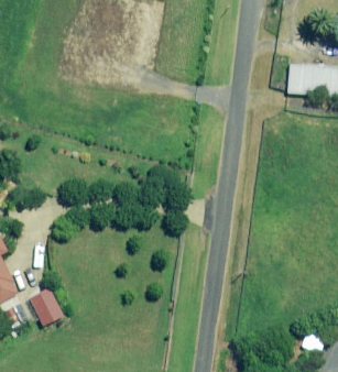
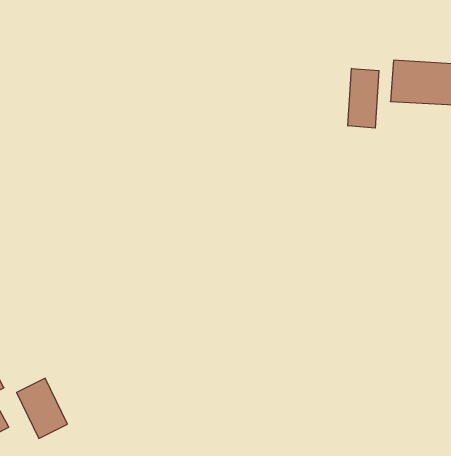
building: none -> [348,68,379,128]

